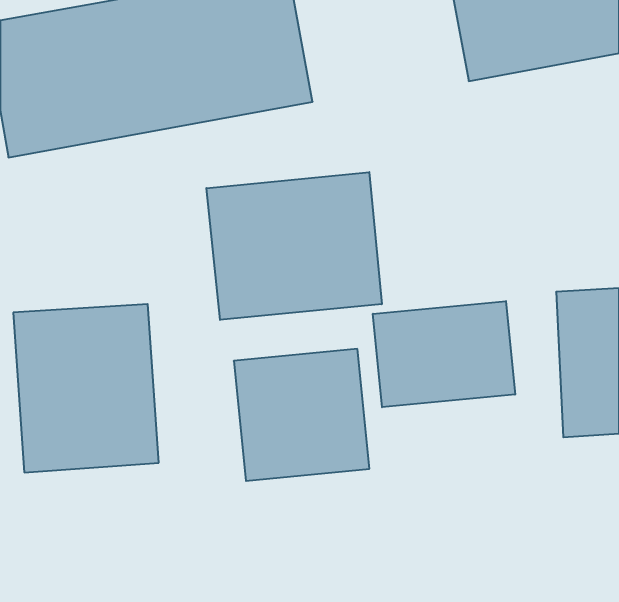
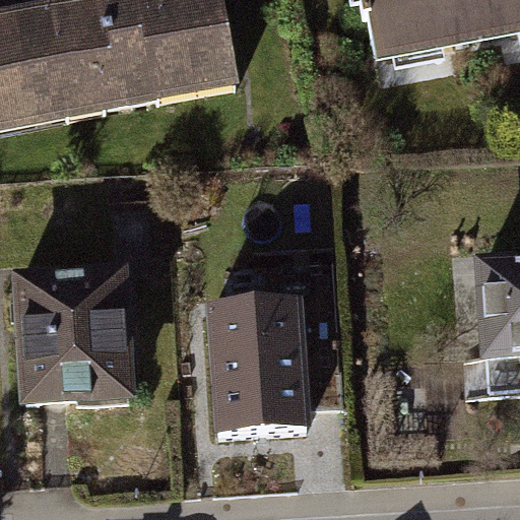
building: [206,172,382,320] -> none
building: [373,301,515,407] -> none

